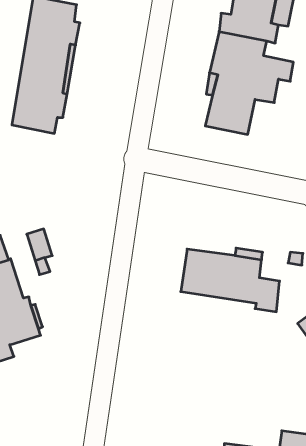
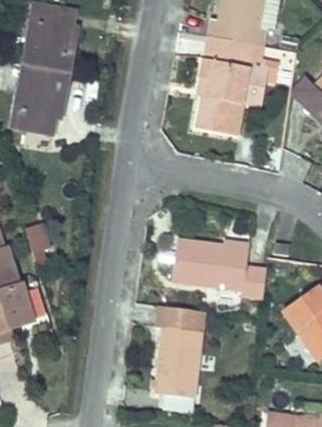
building: none -> [155,304,205,397]

